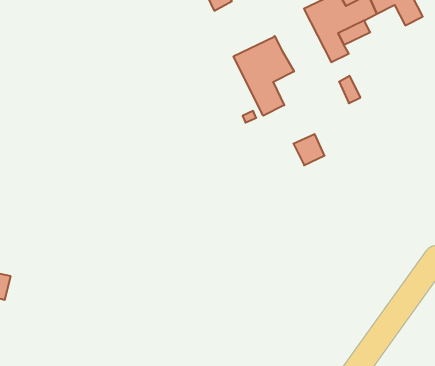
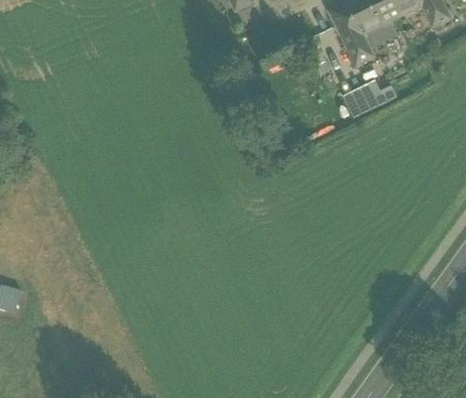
building: [234,36,294,116] -> none
building: [293,134,325,165] -> [343,86,375,118]

